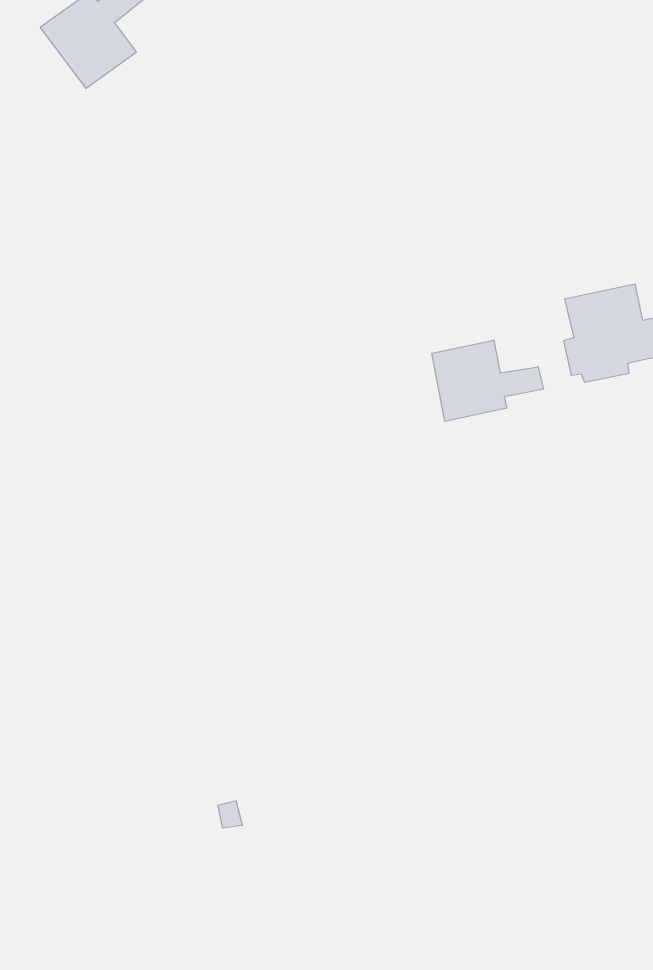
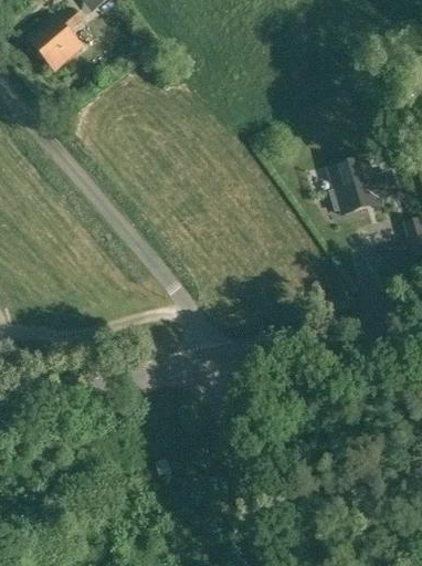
building: [432,340,544,421] -> none

